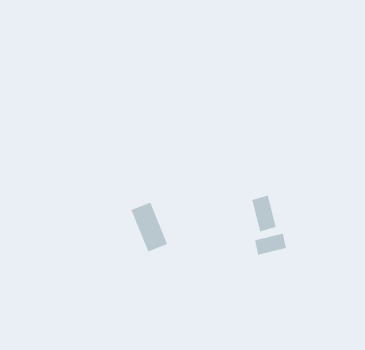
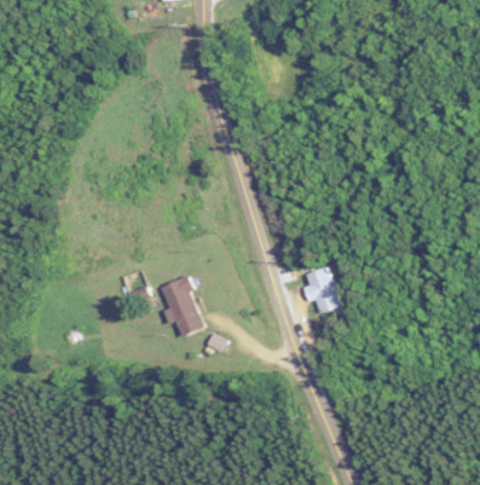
building: [255,233,287,256] -> none

